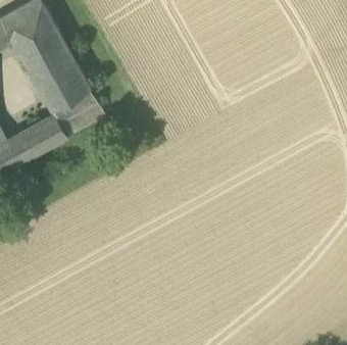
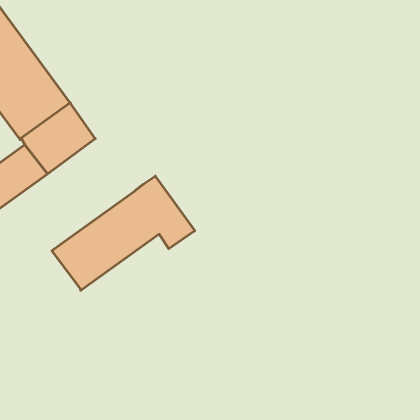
building: none -> [52,176,195,290]

